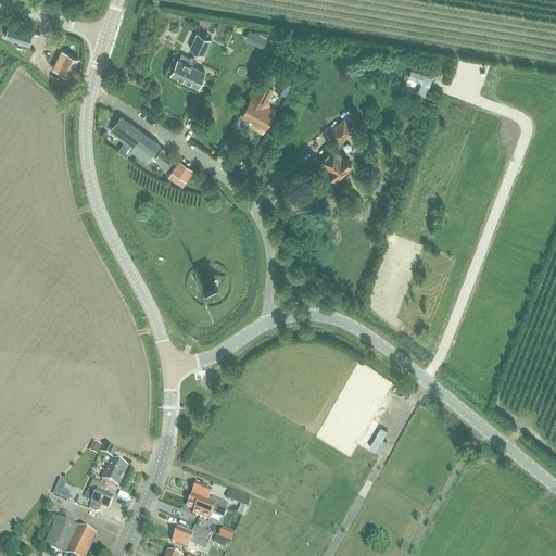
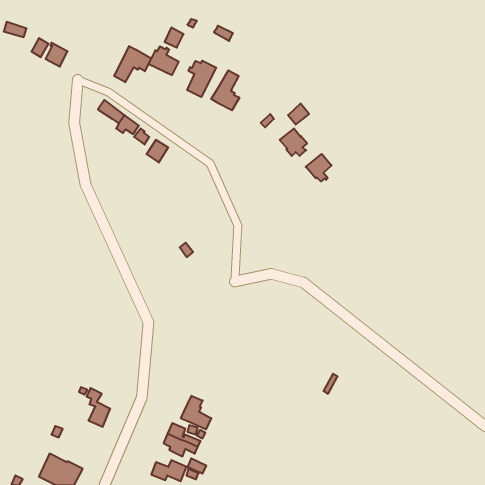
building: none -> [114,46,151,82]
building: none -> [187,61,216,97]
building: none -> [306,154,332,181]
building: none -> [181,396,211,429]
building: [86,480,112,511] -> none

